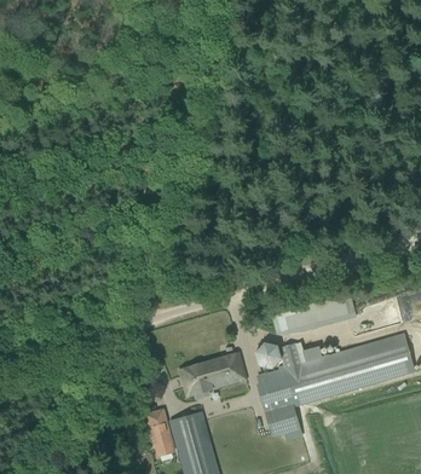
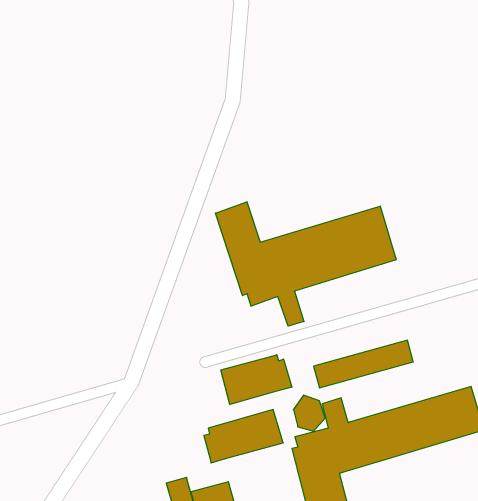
building: none -> [215,202,396,326]
building: none -> [221,355,292,405]

